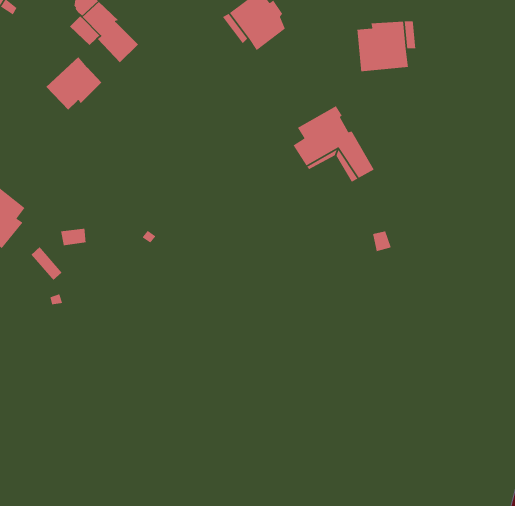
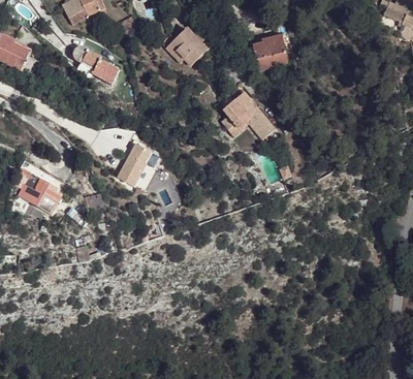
building: [45,56,102,111] -> none
building: none -> [119,145,154,189]

